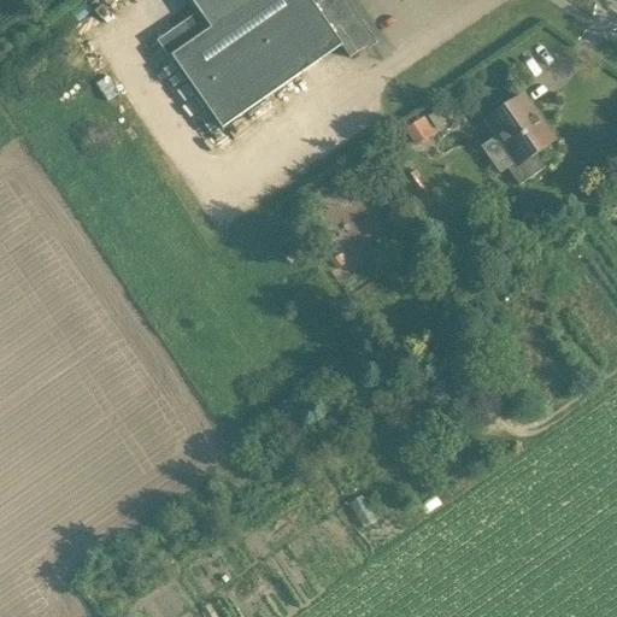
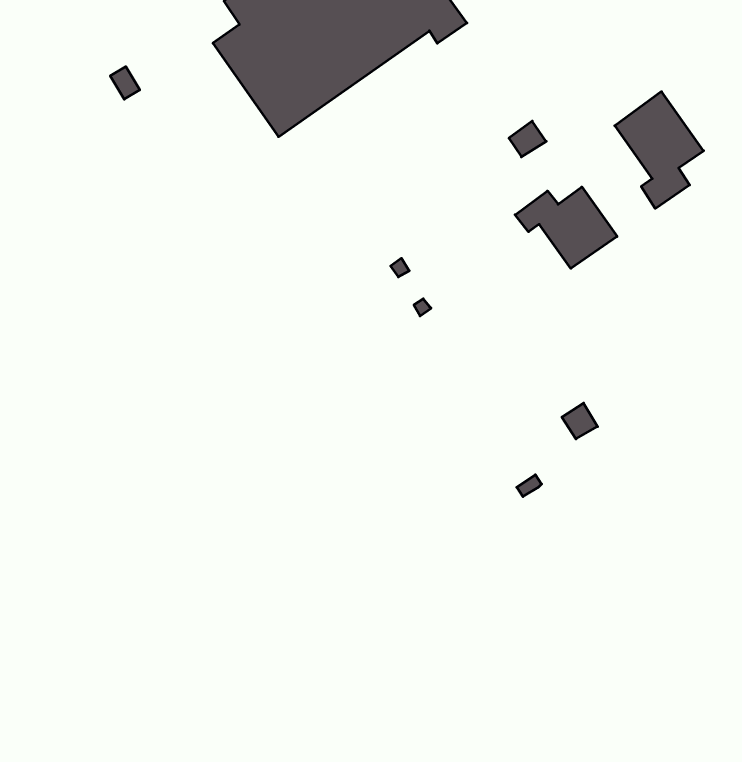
building: none -> [515,187,617,268]

